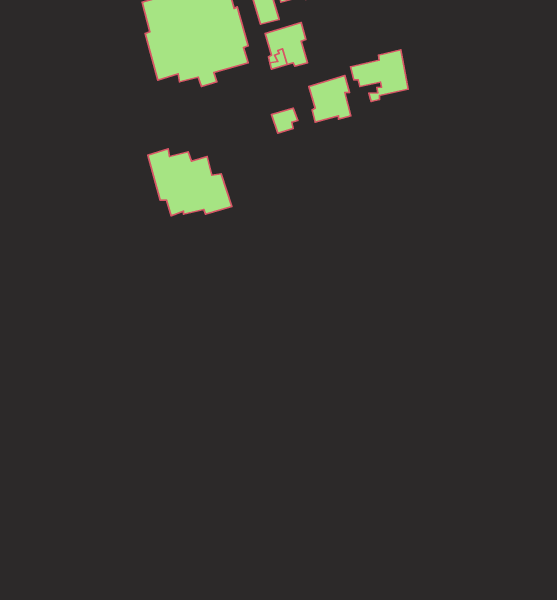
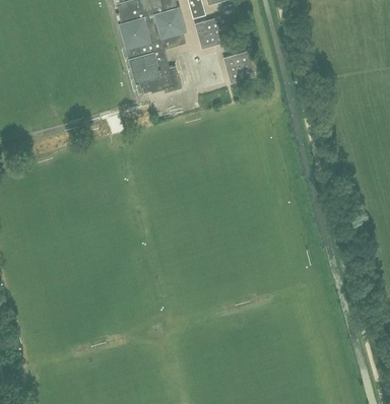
building: [350,50,408,101] -> none
building: [148,149,232,216] -> [126,50,181,93]

